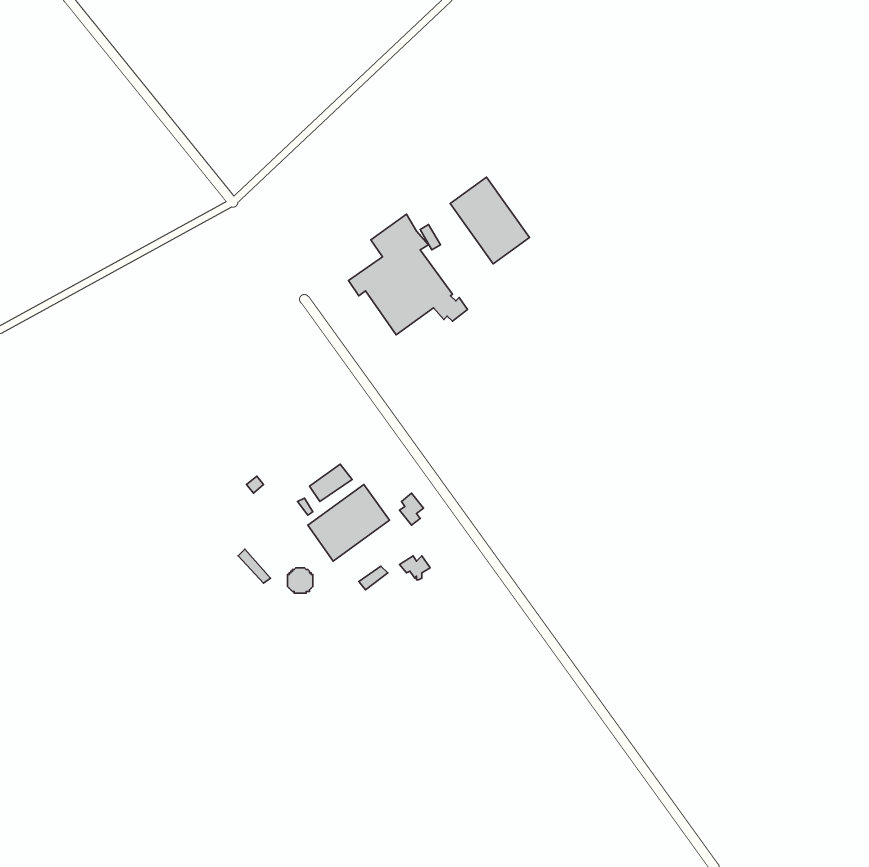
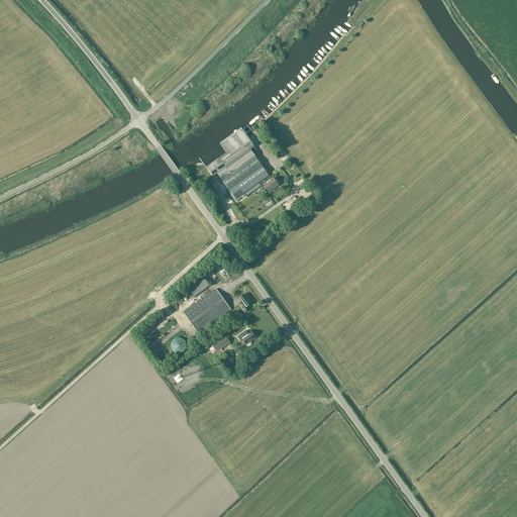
building: [450,177,530,264] -> none

